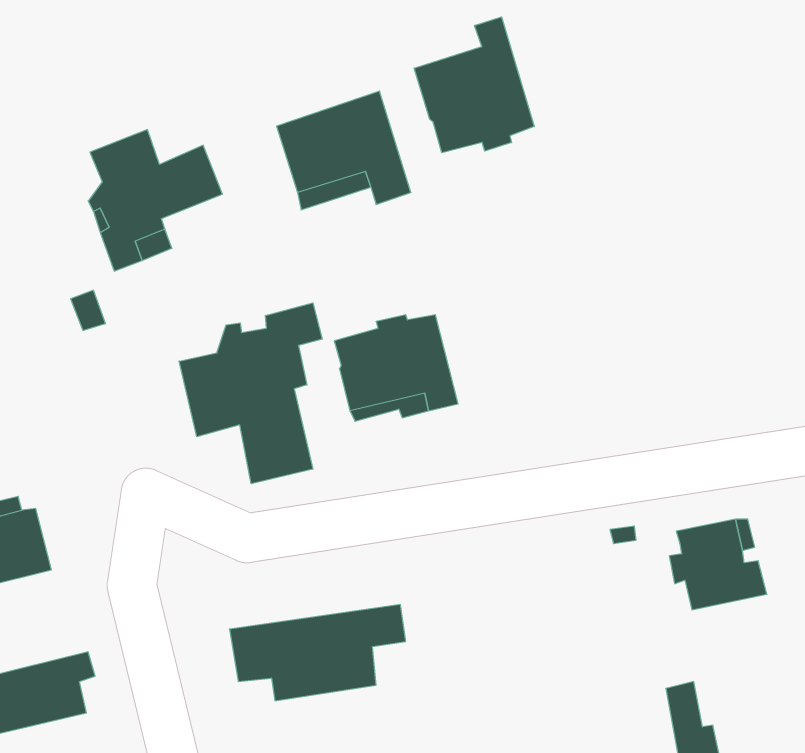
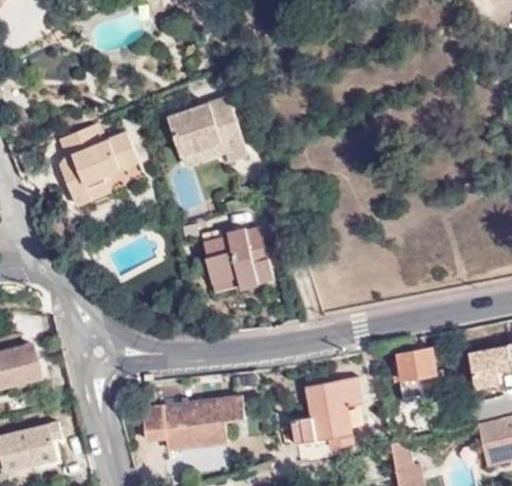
building: [414,17,534,153] -> none
building: [179,303,322,484] -> none
building: none -> [292,379,363,448]

